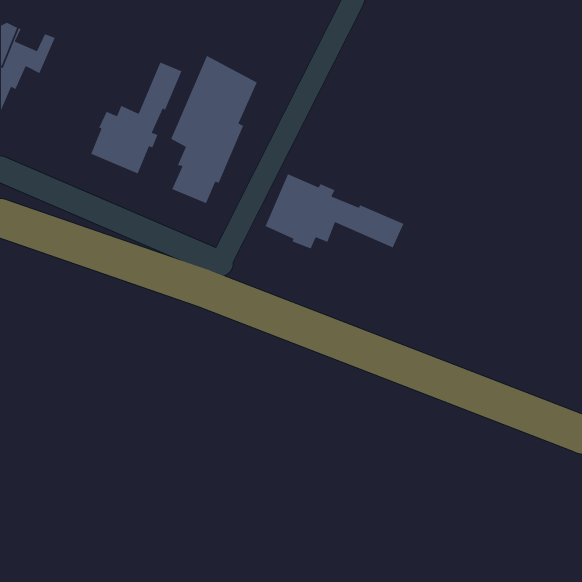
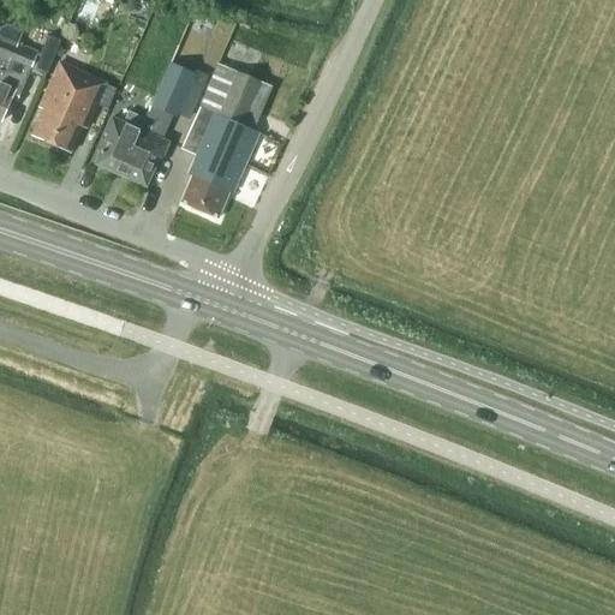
building: none -> [32,62,106,150]
building: [264,173,405,250] -> none

